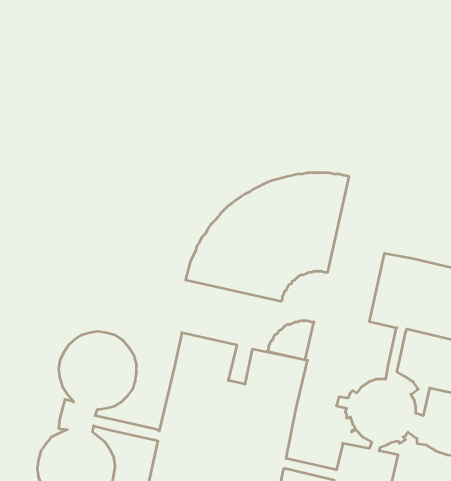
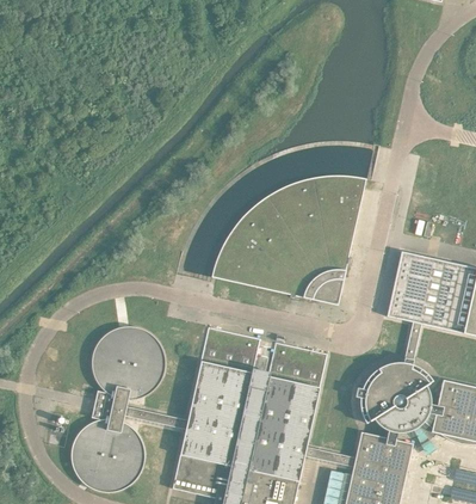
building: [267,321,314,360] -> [302,268,346,305]

